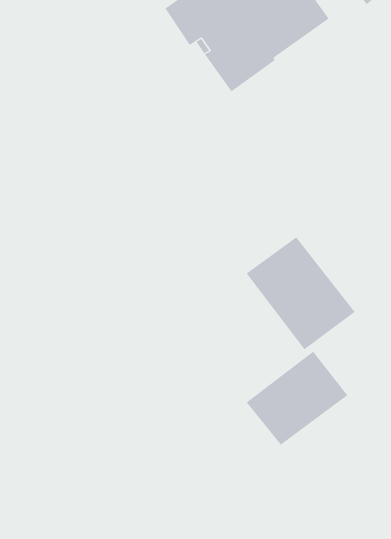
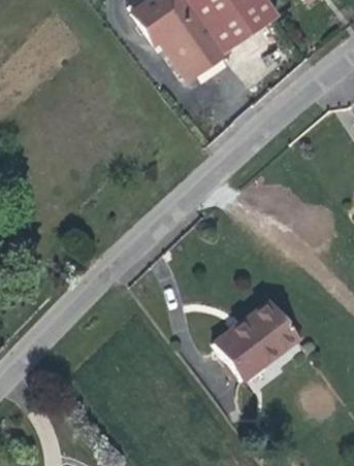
building: [246,237,355,350] -> none

